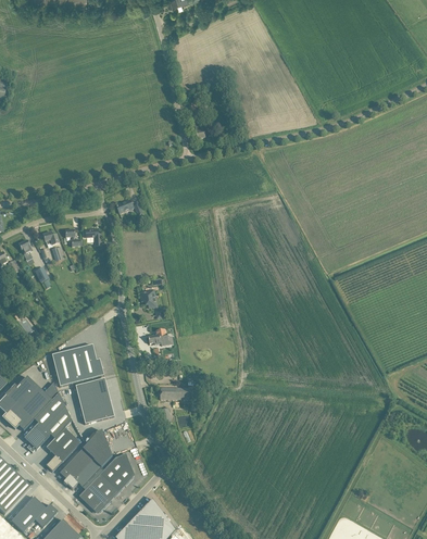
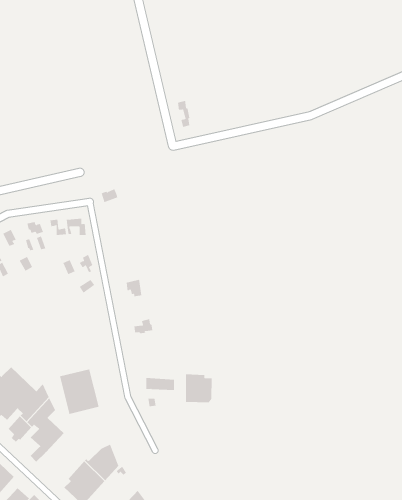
building: [51,343,103,385] -> none
building: none -> [185,374,212,403]
building: [59,429,112,487] -> none

